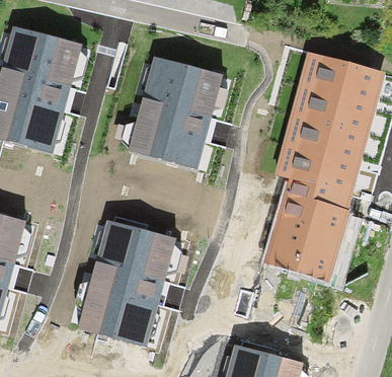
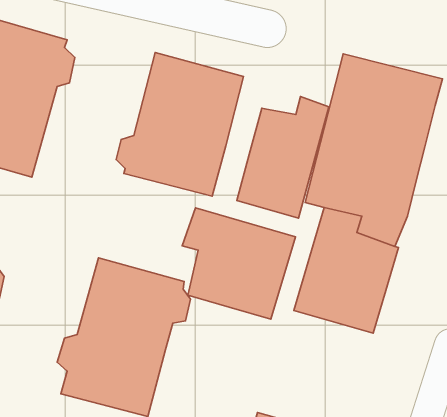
building: none -> [237,97,329,218]
building: none -> [182,208,295,319]

